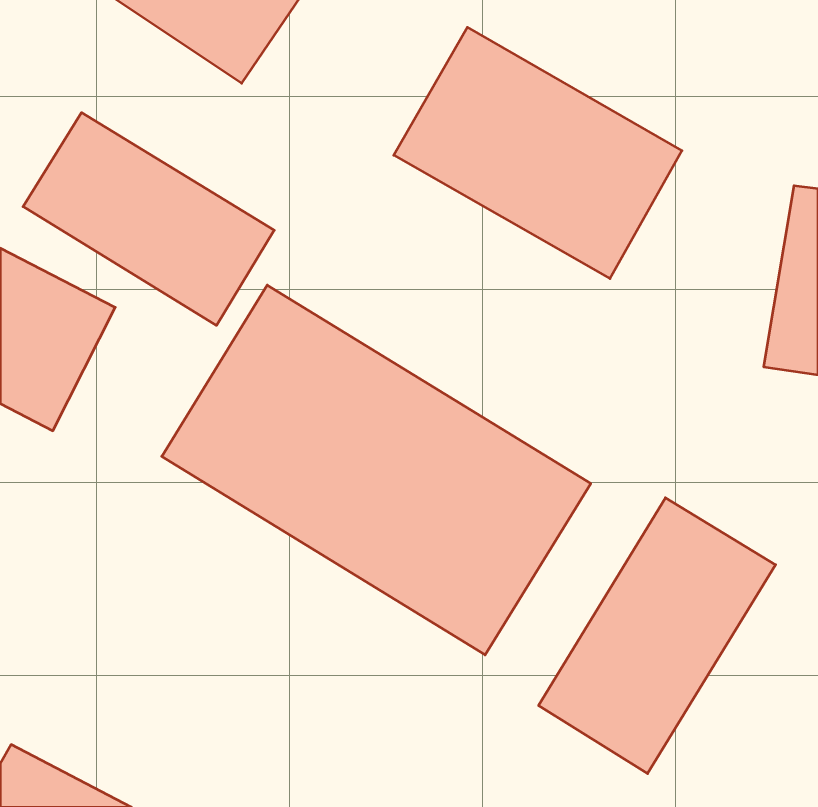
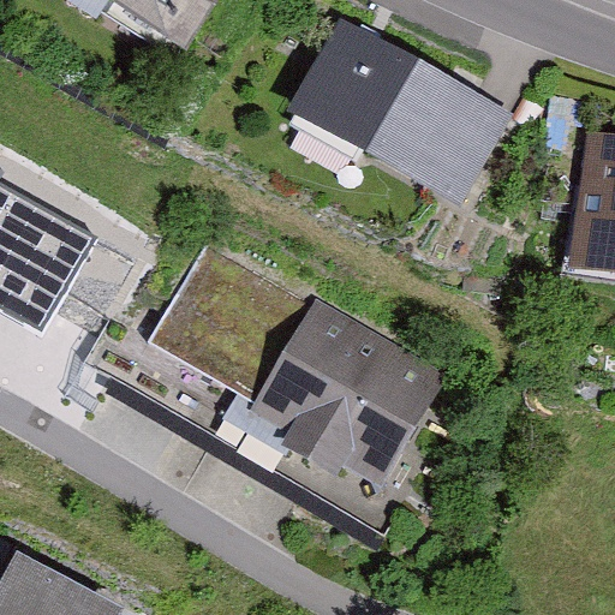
building: [23,113,274,325] -> none
building: [539,498,776,774] -> none

